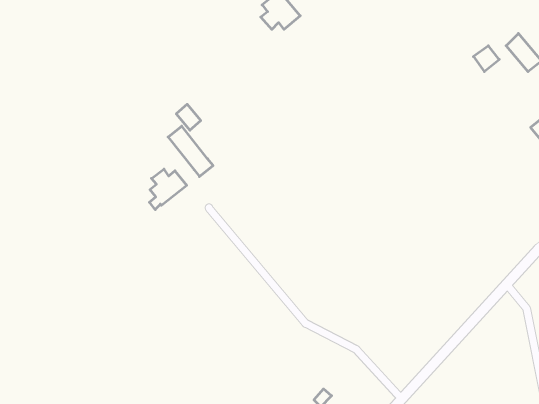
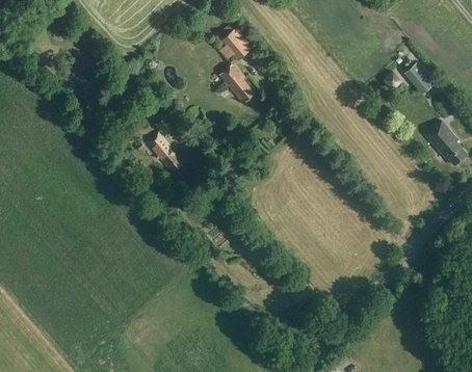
building: none -> [219,63,254,102]
building: [149,169,187,210] -> none

